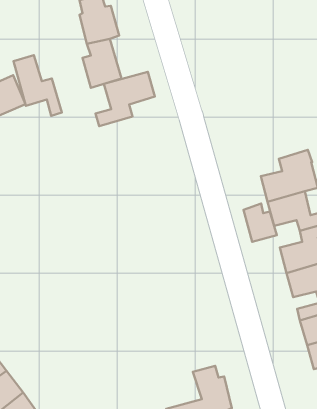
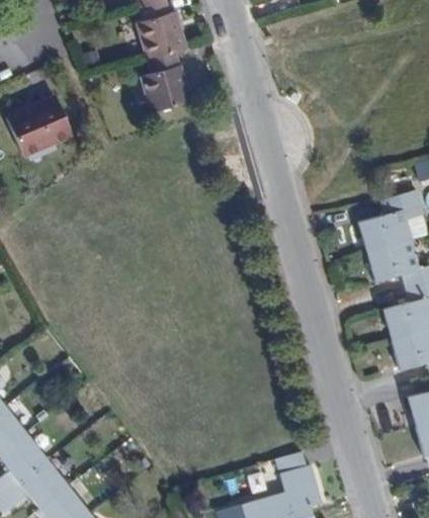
building: [14,55,62,116] -> none
building: [95,72,155,126] -> none
building: [243,204,277,242] -> none

